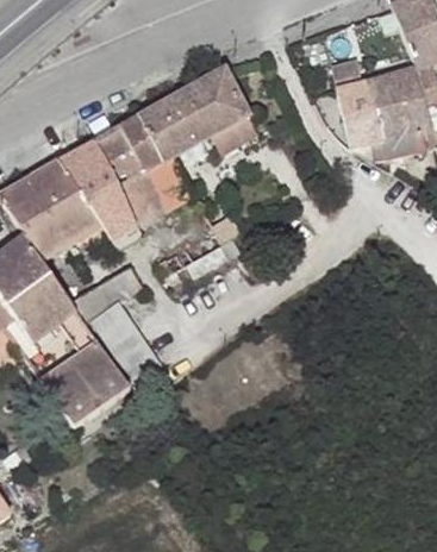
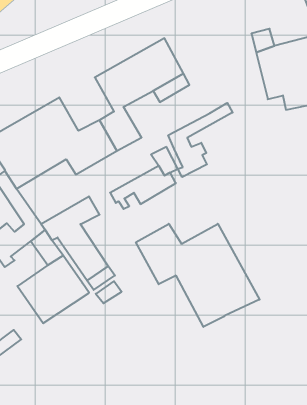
building: [92,119,160,186] -> none
building: none -> [168,103,233,177]
building: none -> [136,224,260,327]

